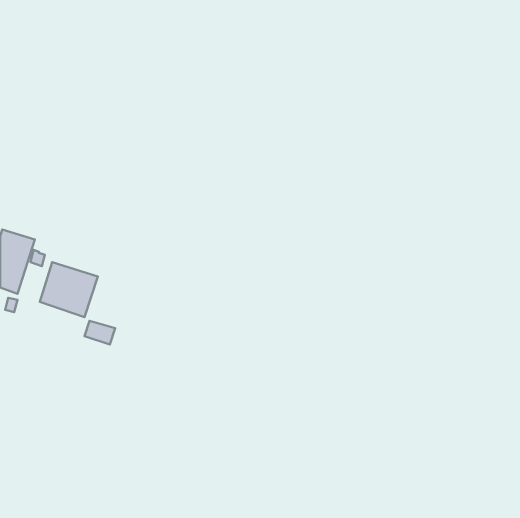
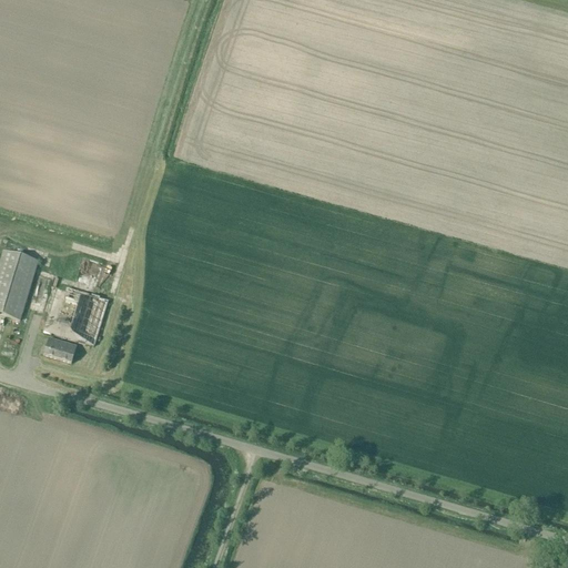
building: [84,321,115,344] -> [43,336,77,362]

